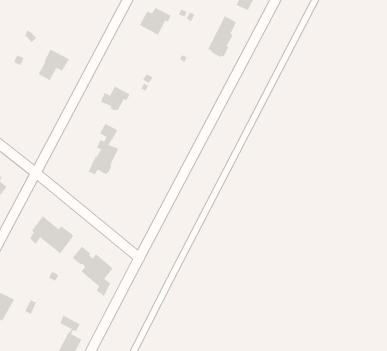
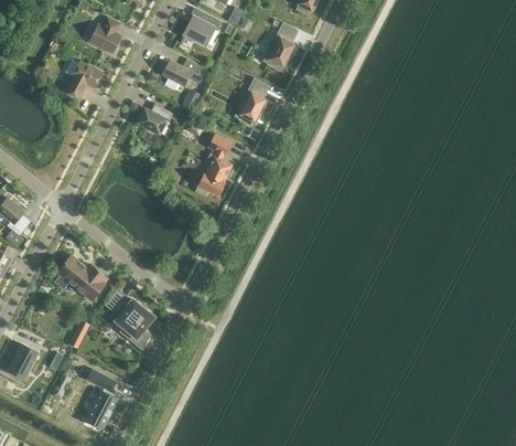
building: none -> [89,18,121,53]
building: none -> [162,60,206,89]
building: none -> [234,77,268,127]
building: [88,123,119,175] -> [195,135,232,195]

